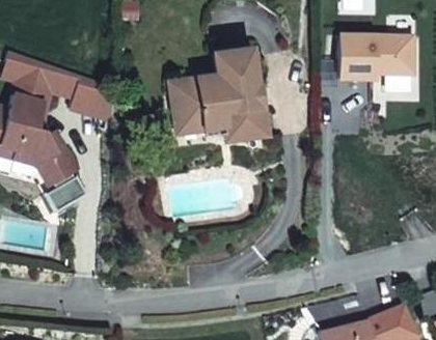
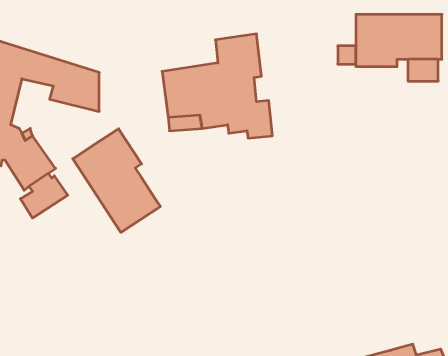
building: none -> [73,129,160,232]

